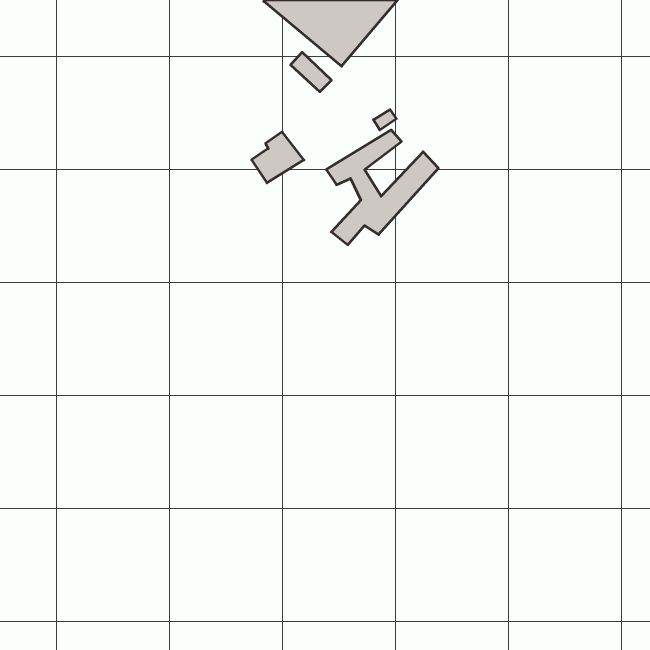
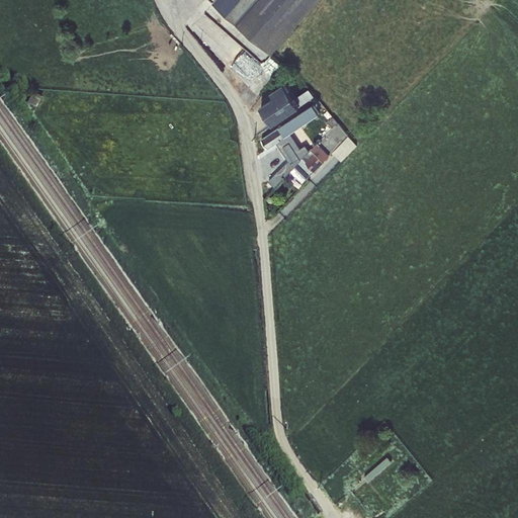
building: [252,132,304,183] -> [258,83,299,123]

